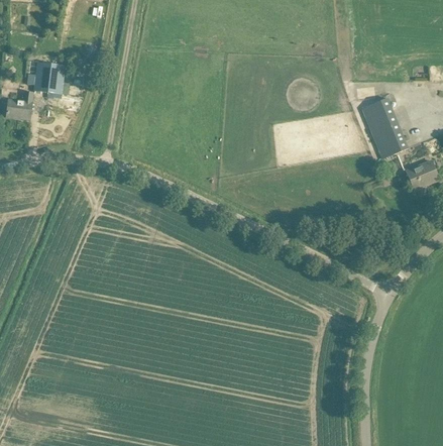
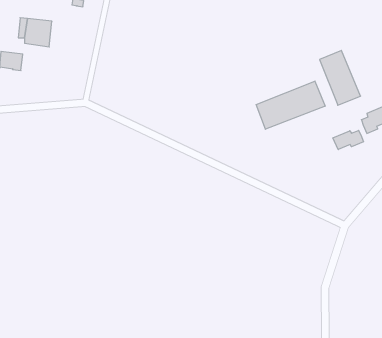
building: none -> [256,81,325,129]
building: none -> [333,130,363,150]

